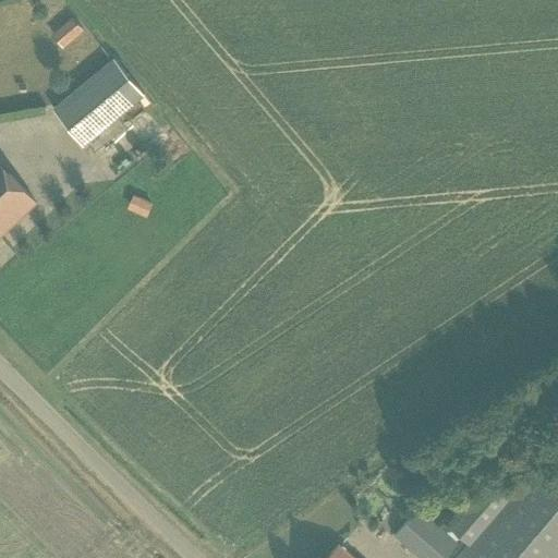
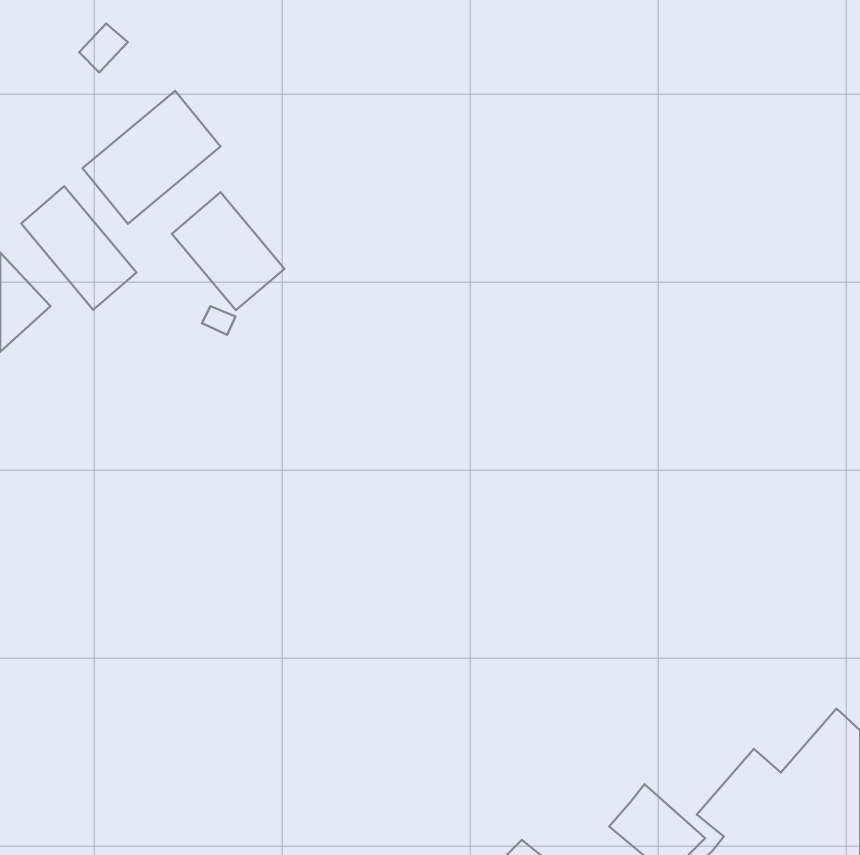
building: none -> [21,186,137,310]
building: none -> [172,192,285,310]

